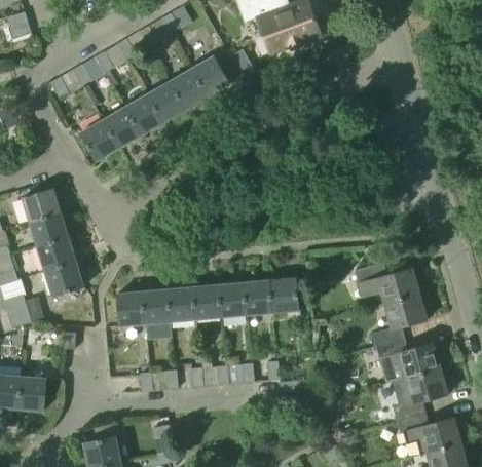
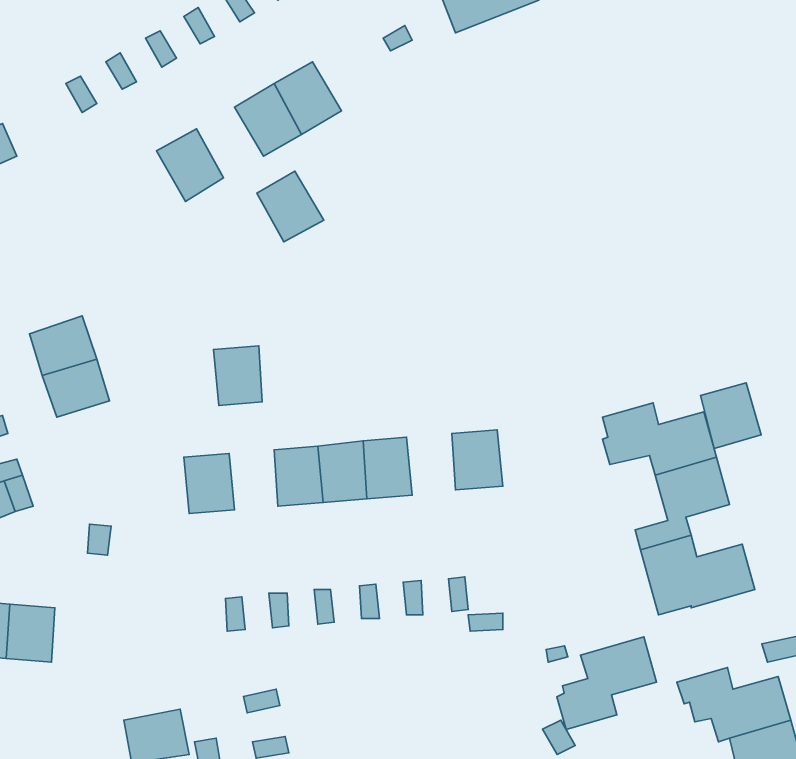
building: [190,56,229,98] -> none
building: [124,95,162,135] -> [257,171,324,242]
building: [79,120,118,161] -> none
building: [22,189,60,224] -> none
building: none -> [701,383,761,448]
building: [45,262,83,296] -> none
building: [244,280,271,315] -> none
building: [143,289,171,323] -> [213,346,262,406]
building: [392,368,448,421] -> [557,637,657,729]

